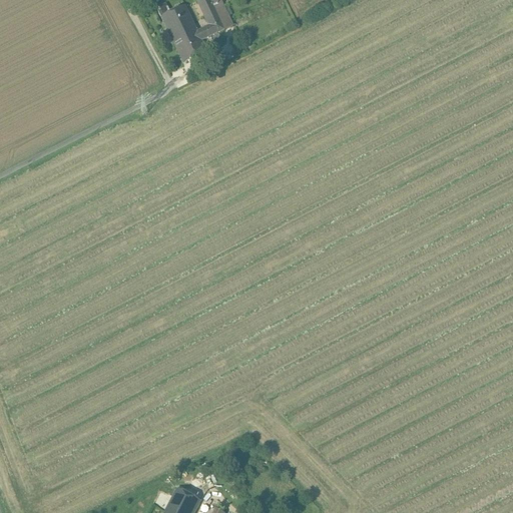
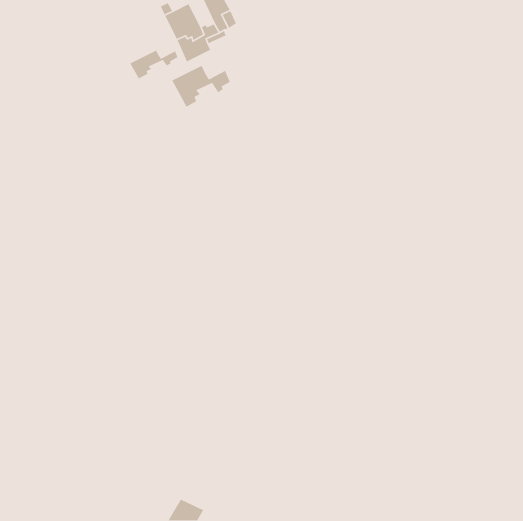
building: none -> [129,50,178,80]
building: none -> [171,65,231,108]

